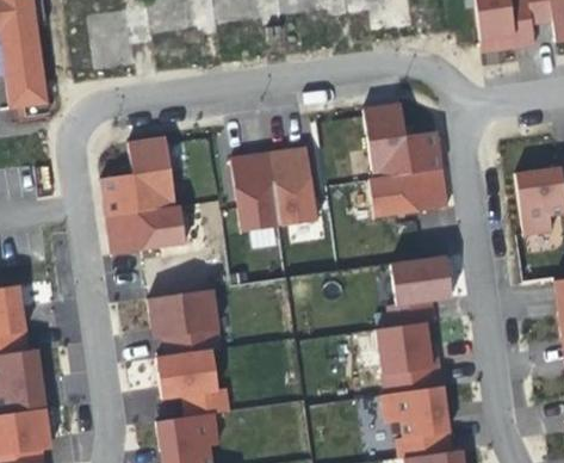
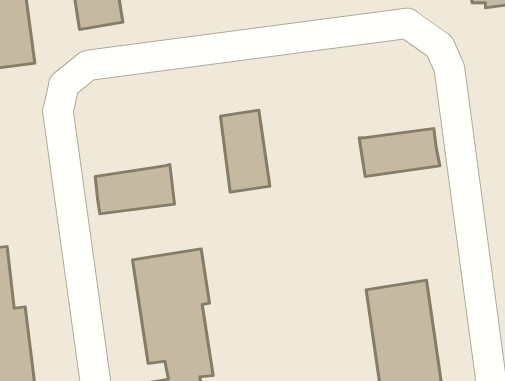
building: [365,103,444,179] -> none
building: [103,137,178,217] -> none
building: [271,147,318,227] -> none
building: [390,257,453,307] -> none

